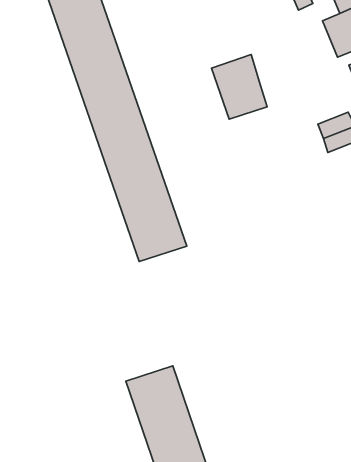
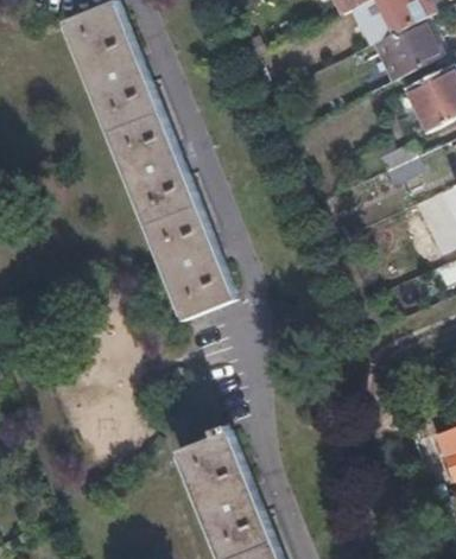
building: [212,54,267,119] -> none

